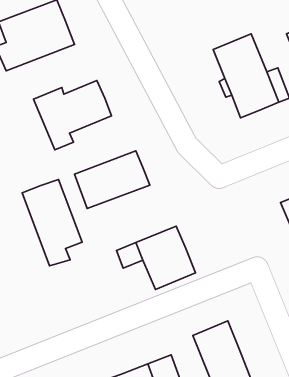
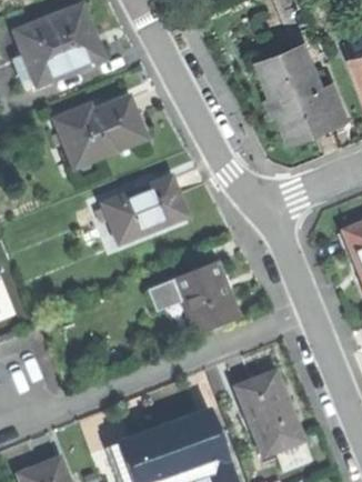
building: [22,179,82,266] -> none

